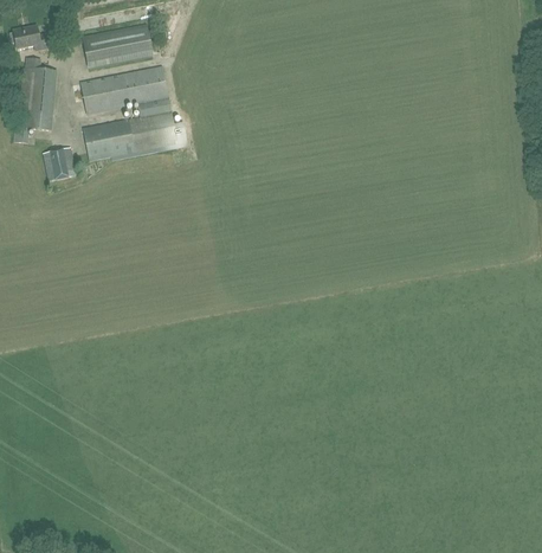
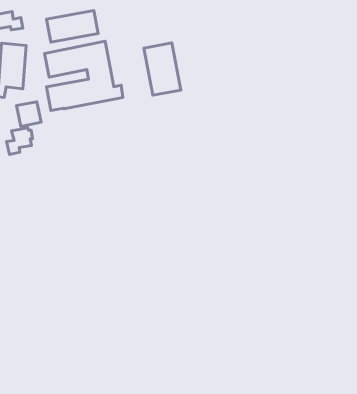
building: none -> [144,43,181,95]
building: none -> [7,128,33,155]

